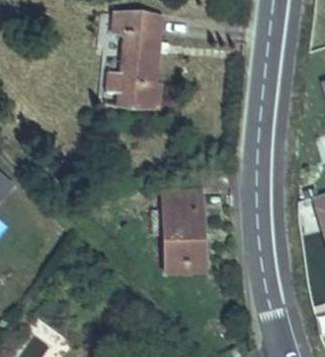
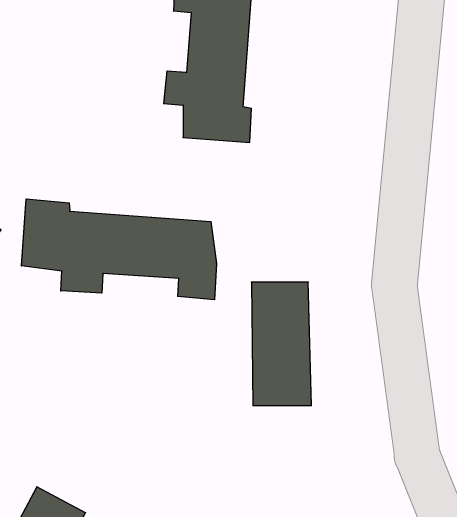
building: none -> [21,199,216,300]

